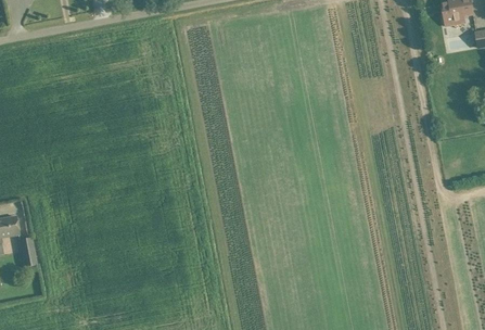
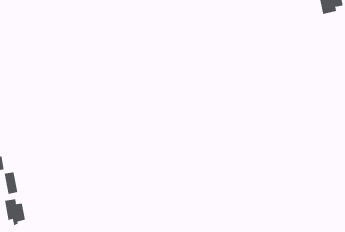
building: none -> [4,198,26,226]

